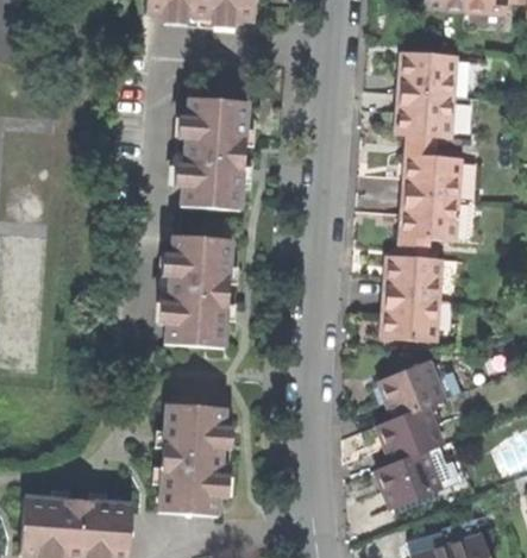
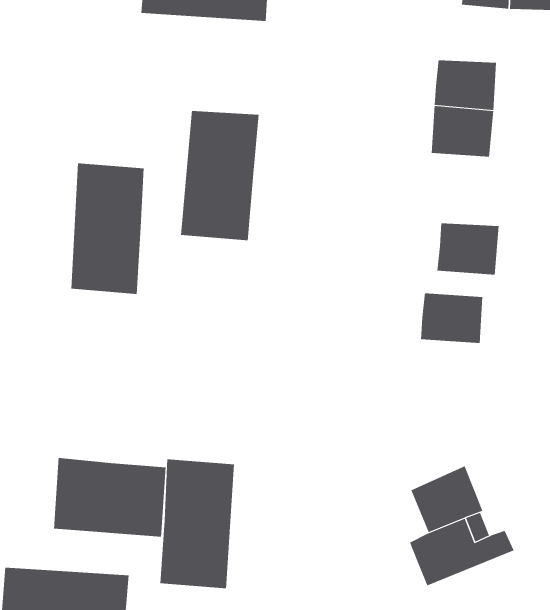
building: [404,155,459,199] -> none
building: [165,234,230,349] -> [70,163,144,294]
building: [384,297,439,343] -> none
building: [378,363,441,421] -> none
building: none -> [53,457,166,538]

